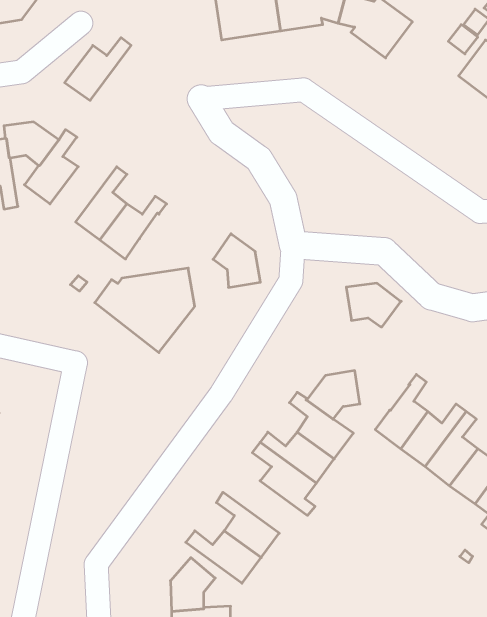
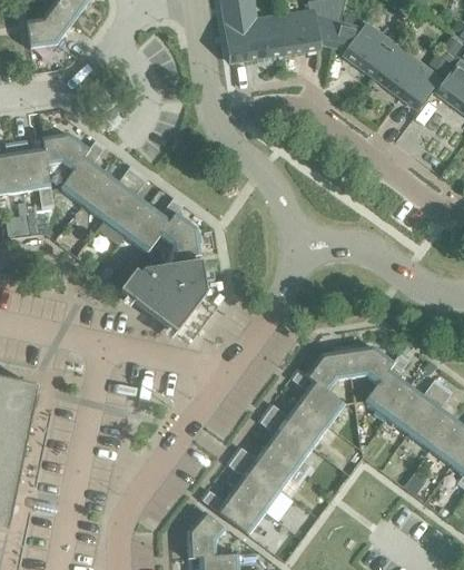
building: none -> [373,47,437,108]
building: [65,38,131,100] -> [81,166,139,220]
building: [213,234,260,287] -> [159,213,200,259]
building: [346,283,401,327] -> [346,346,394,384]
building: none -> [231,445,305,491]

